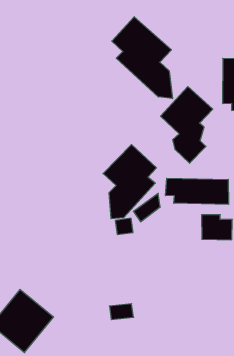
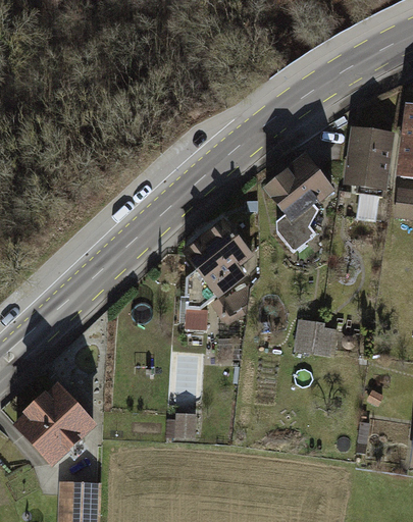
building: [112,17,172,99] -> none
building: [166,178,228,204] -> none

